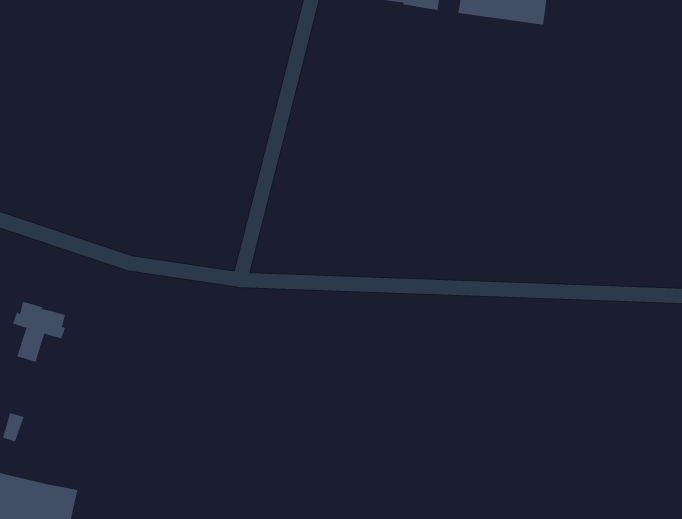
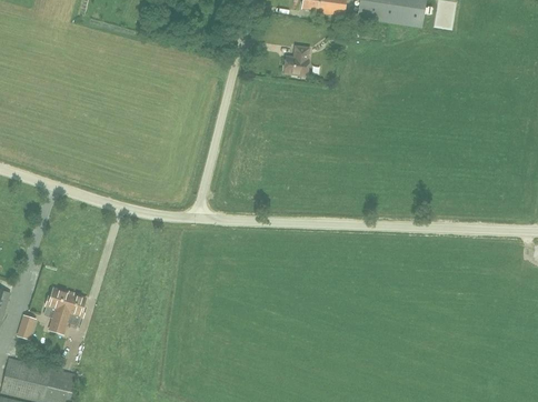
building: none -> [283,46,308,76]
building: [12,301,66,362] -> [44,288,84,333]

